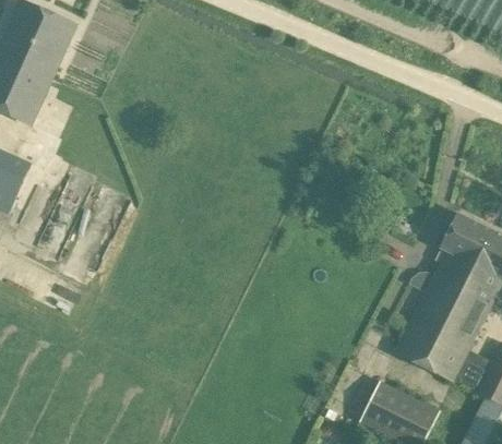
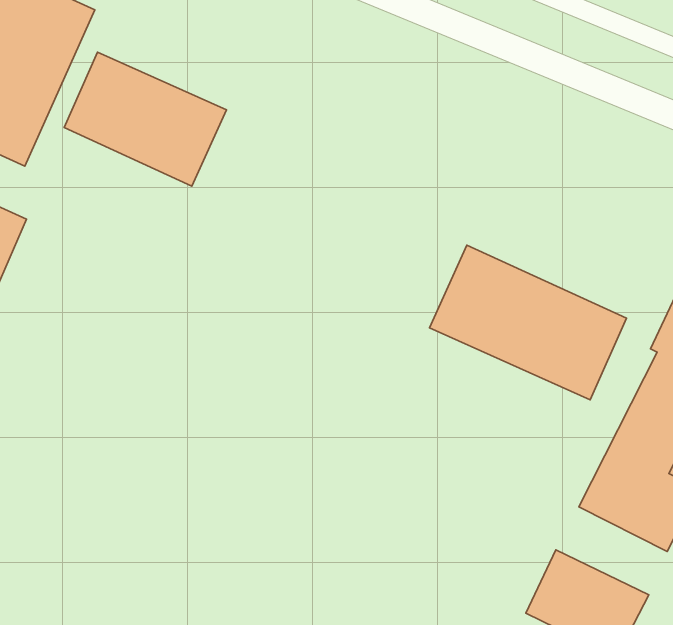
building: none -> [64,52,226,186]
building: none -> [429,245,627,400]

